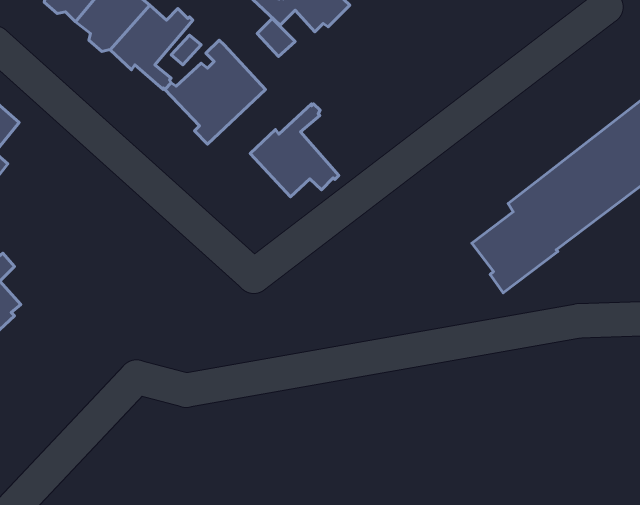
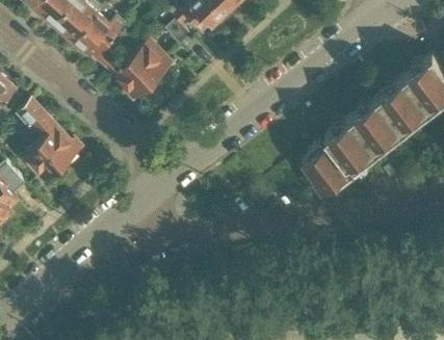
building: [250,104,339,197] -> none
building: none -> [17,100,81,182]

